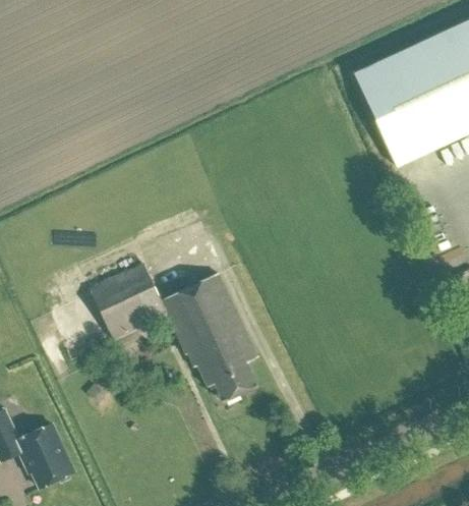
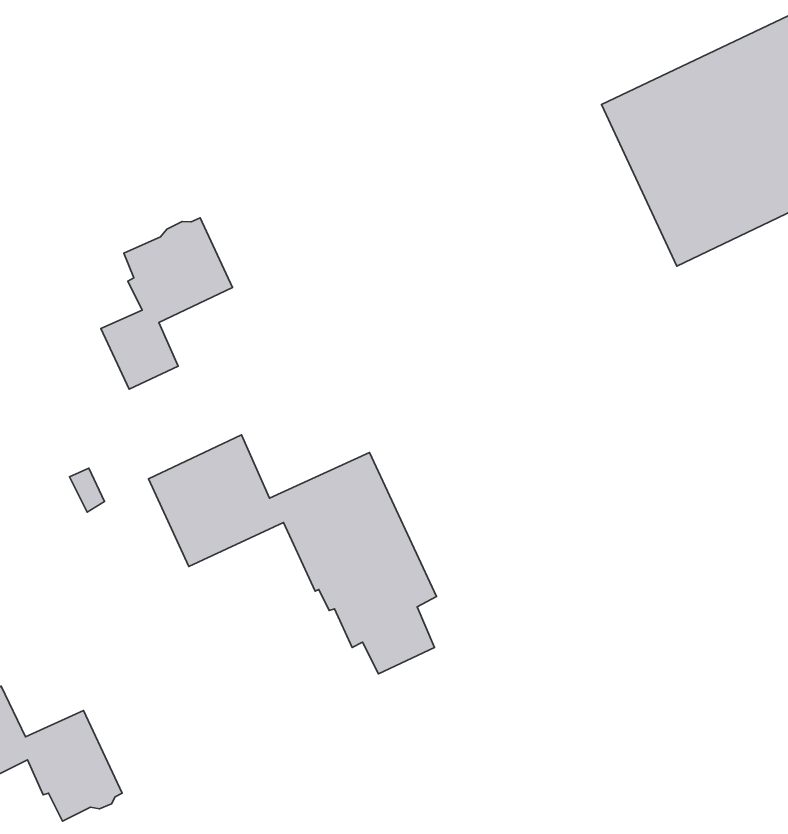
building: none -> [101,218,232,389]

